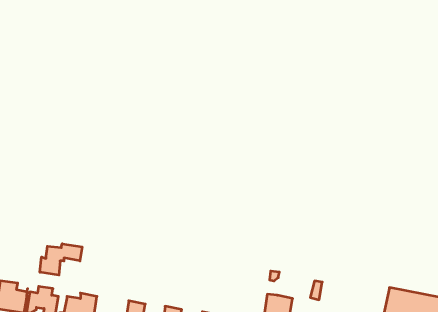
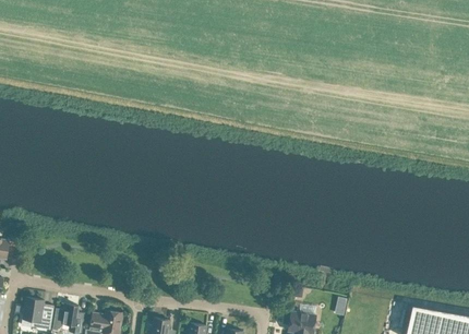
building: [40,244,82,275] -> none

